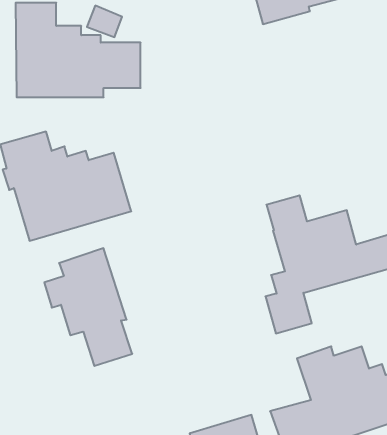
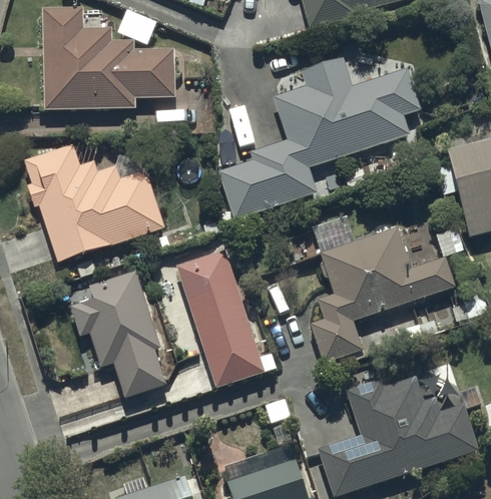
building: none -> [219,55,420,216]
building: none -> [175,250,278,387]

